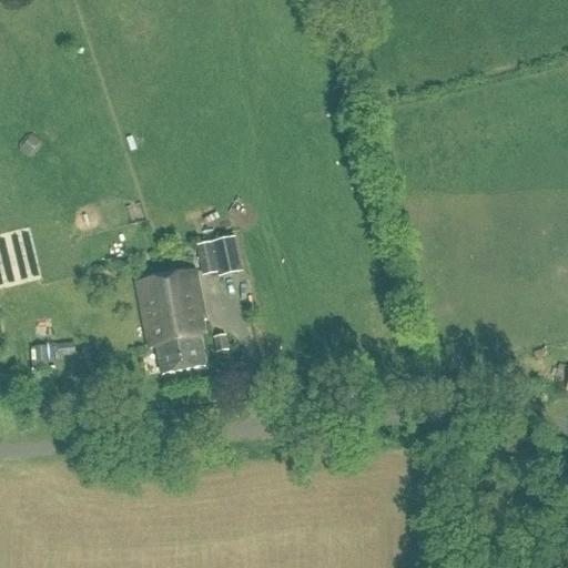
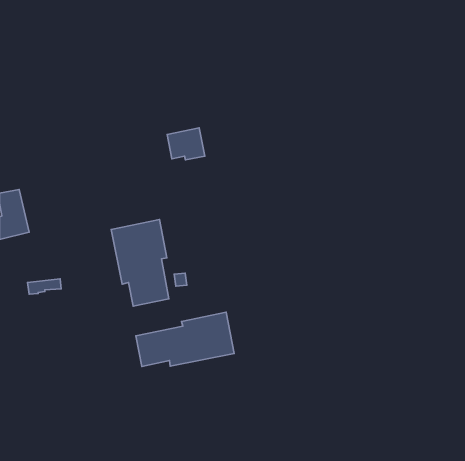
building: [196,234,242,273] -> [167,128,205,160]
building: none -> [136,312,234,366]

